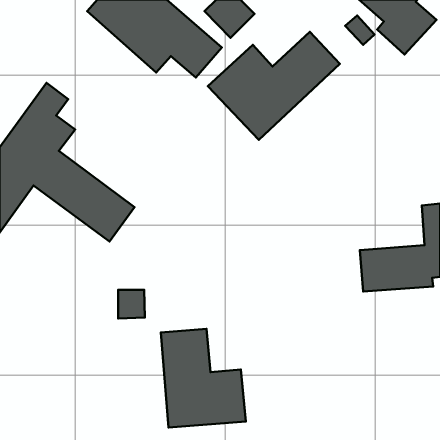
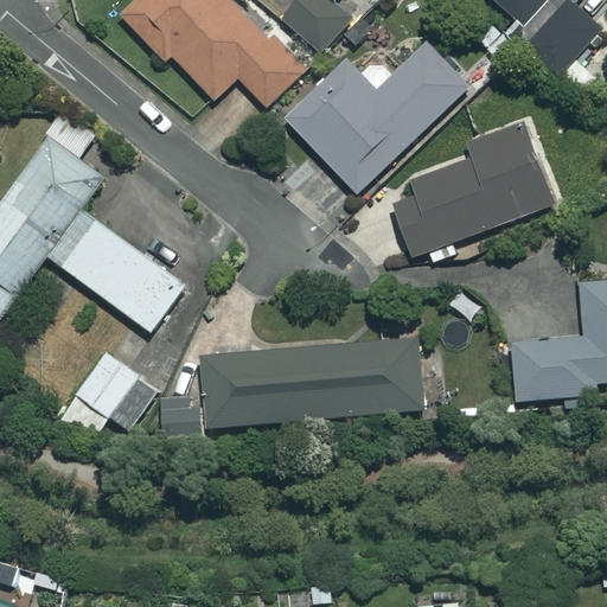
building: none -> [391,123,554,257]
building: none -> [202,338,421,426]
building: none -> [63,352,159,436]
building: [161,329,246,427] -> none

